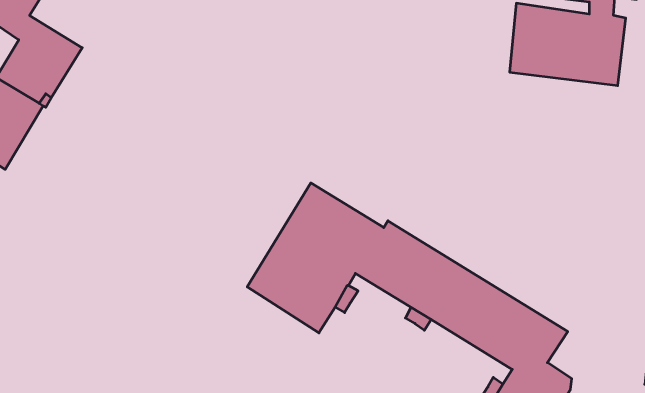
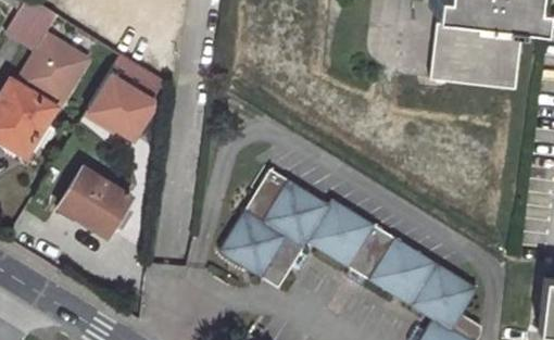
building: none -> [86,53,161,136]
building: none -> [60,162,131,236]

